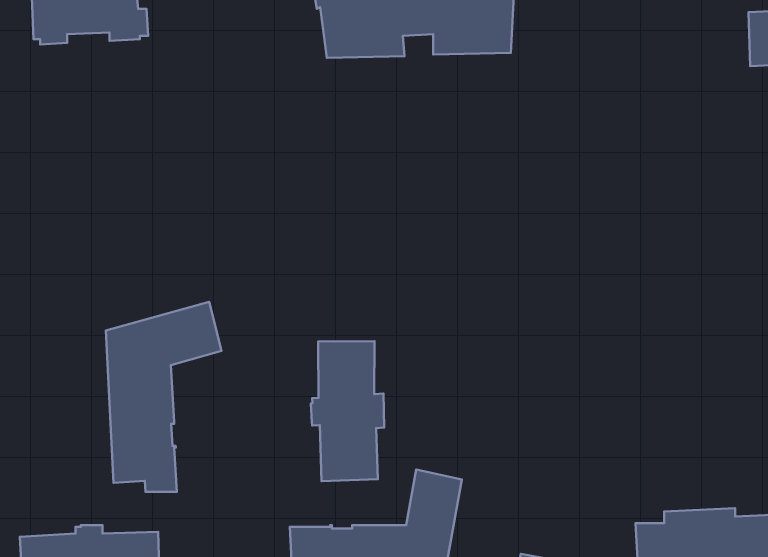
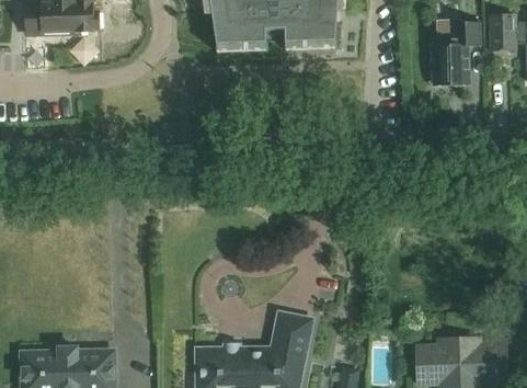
building: none -> [435,22,481,87]
building: [106,302,222,492] -> none
building: [311,341,384,481] -> none

